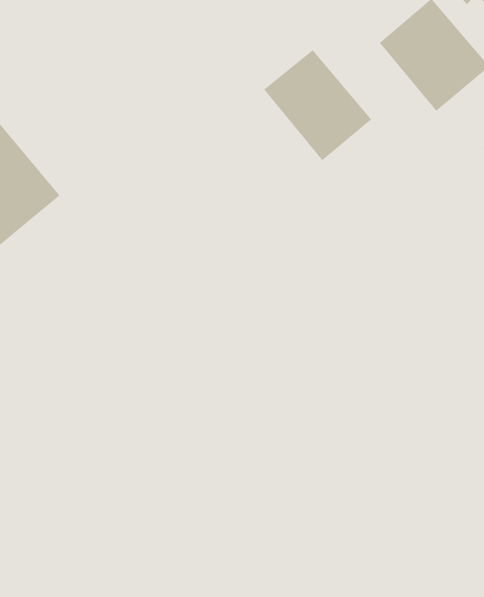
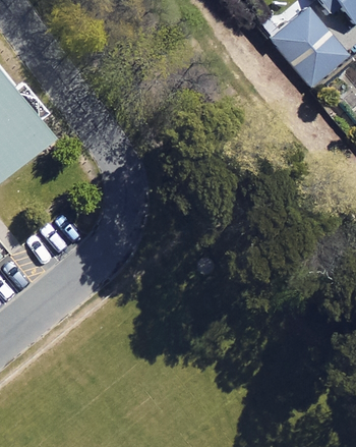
building: [263,49,372,161] -> none

